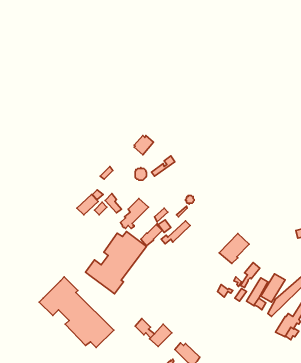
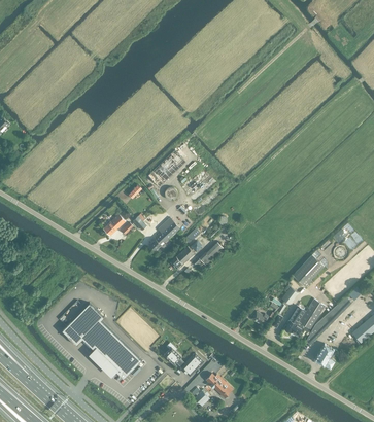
building: [85,231,146,294] -> none
building: [219,234,249,264] -> [292,254,324,286]

